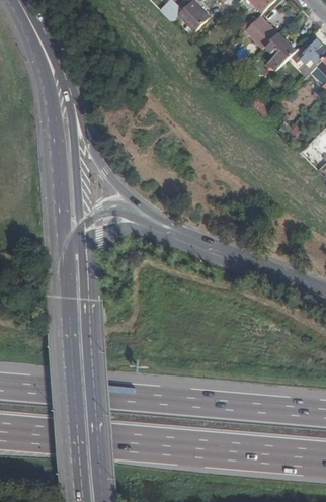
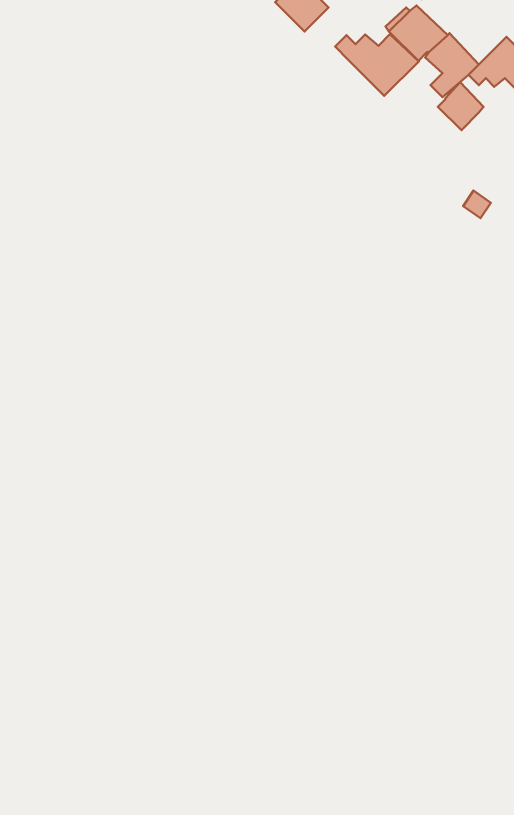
building: none -> [335,34,419,96]
building: none -> [438,82,483,130]

